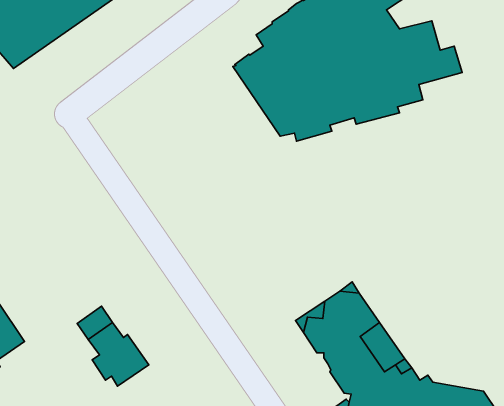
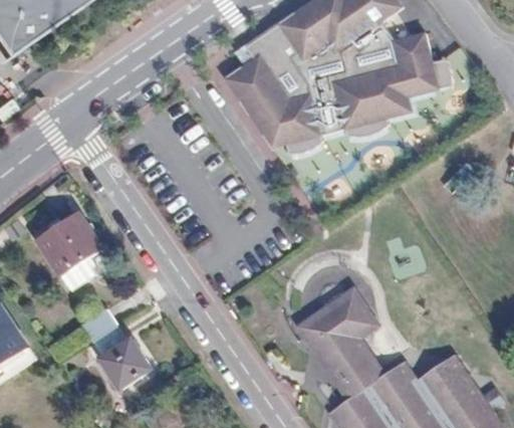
building: none -> [35,216,99,292]
building: none -> [426,359,481,395]

